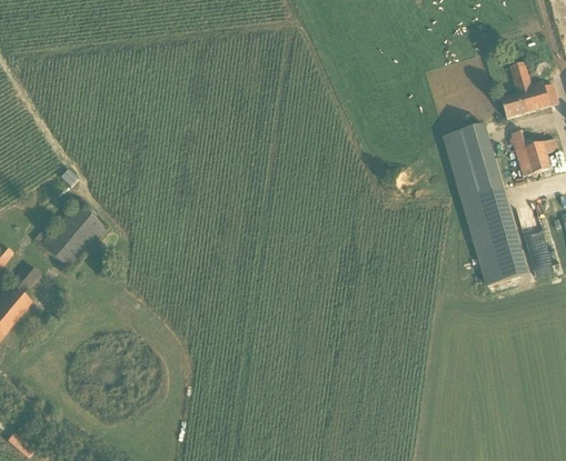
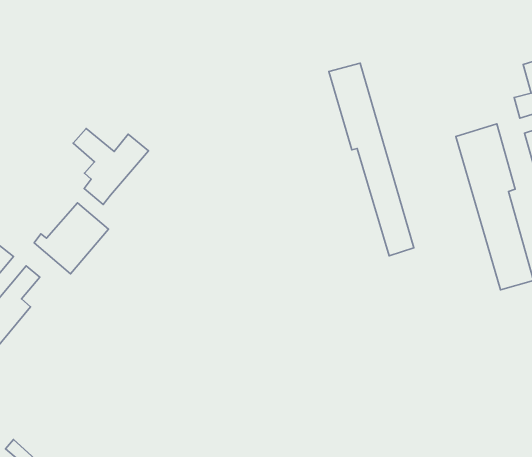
building: none -> [329,63,414,256]
building: none -> [73,128,149,205]

